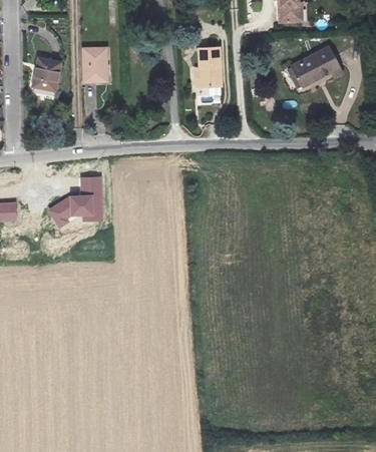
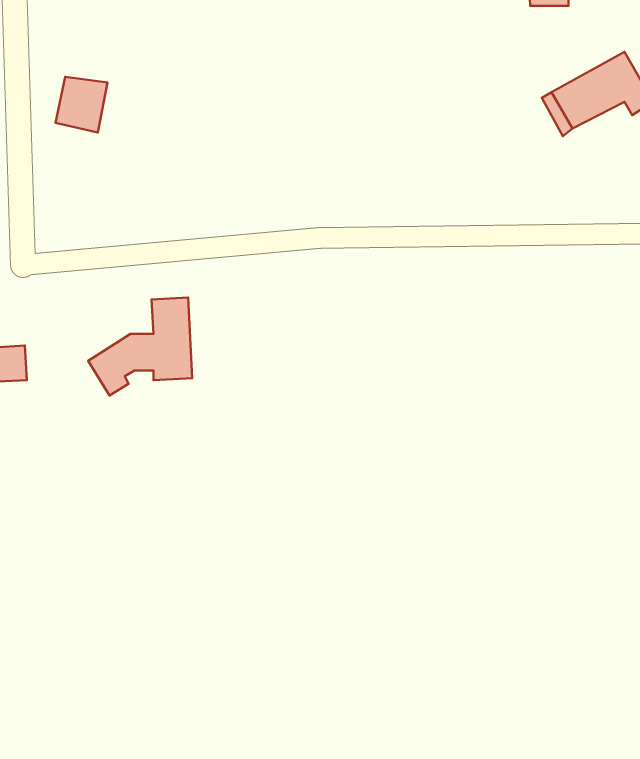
building: [198,47,220,90] -> none
building: [81,50,109,86] -> none

